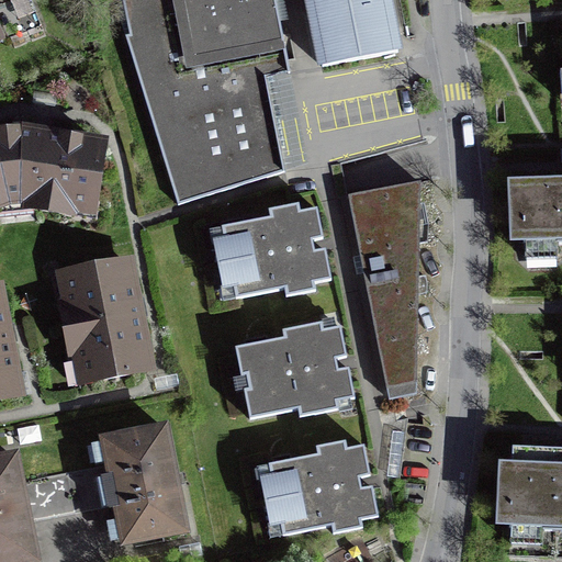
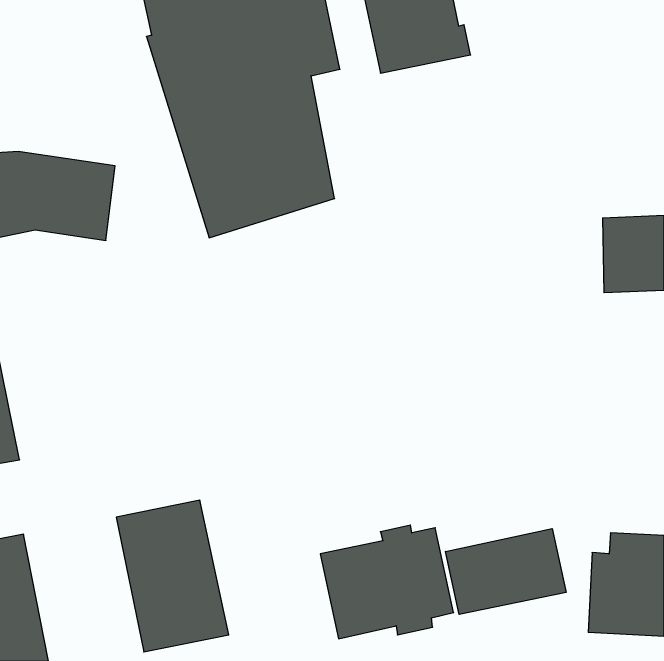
building: [346,181,419,384] -> none
building: [223,200,330,295] -> none
building: [55,256,147,376] -> none
building: [236,322,355,418] -> none
building: none -> [446,529,566,614]

